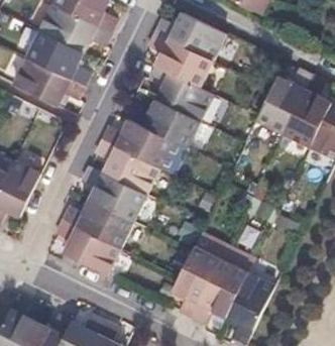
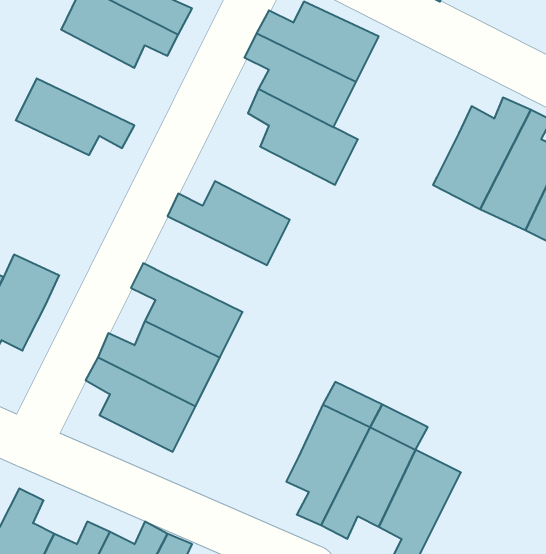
building: [27,30,91,86] -> none
building: [130,98,200,146] -> none
building: [96,138,160,194] -> none

